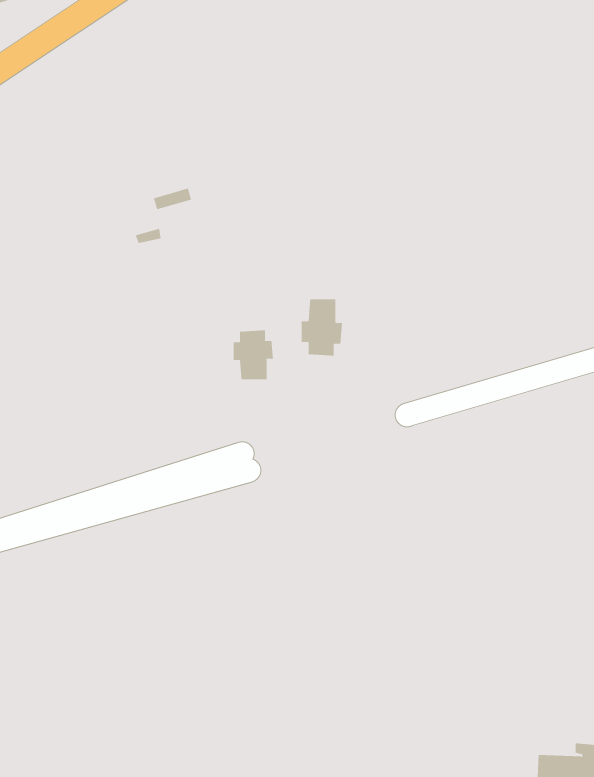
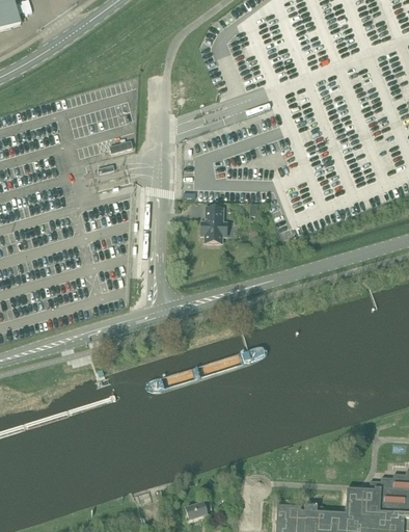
building: [233,330,273,380] -> none

